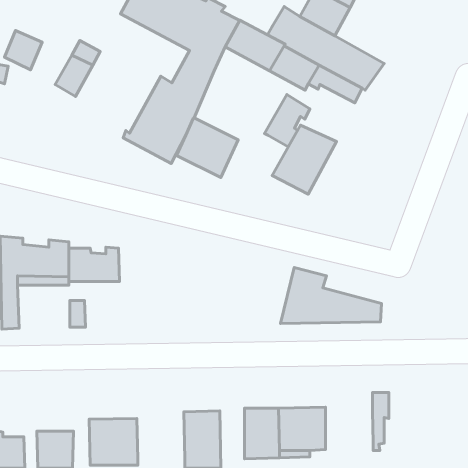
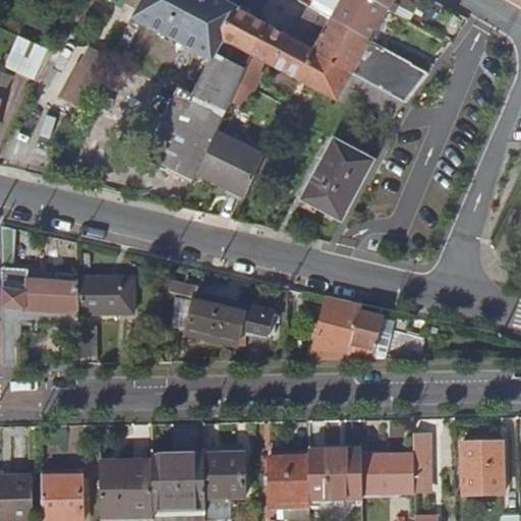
building: [265,95,310,147] -> none
building: none -> [167,275,274,343]
building: none -> [461,443,503,494]
building: none -> [152,454,205,508]
building: none -> [360,456,413,490]

